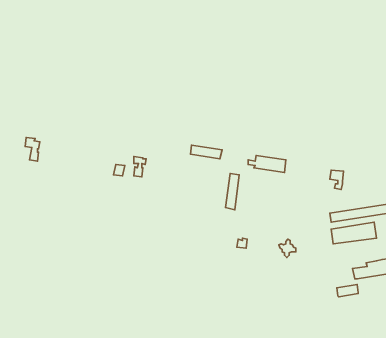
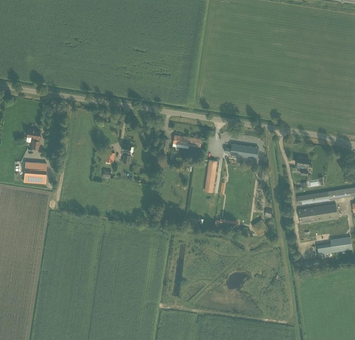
building: none -> [24,162,47,183]

